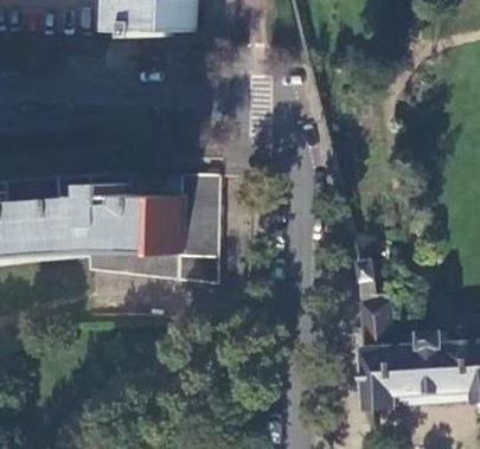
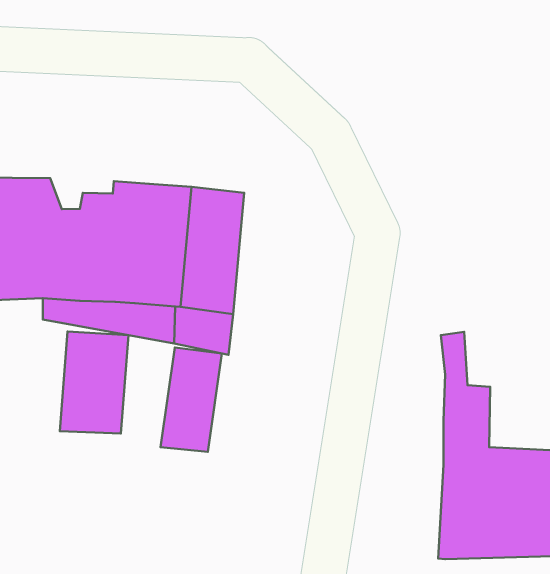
building: none -> [60,331,128,434]
building: none -> [161,347,222,452]

